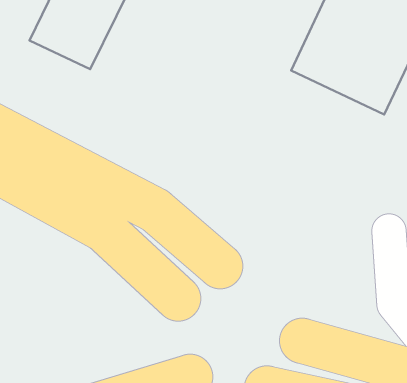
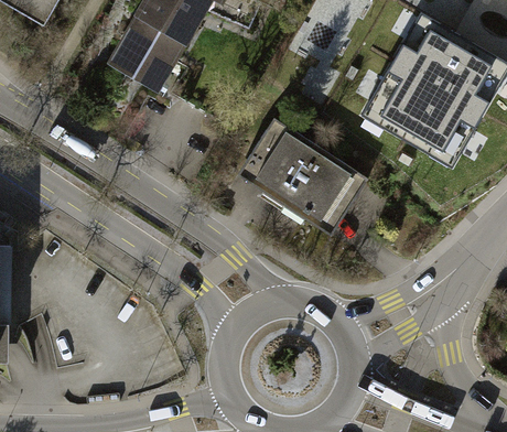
building: none -> [240,119,366,230]

